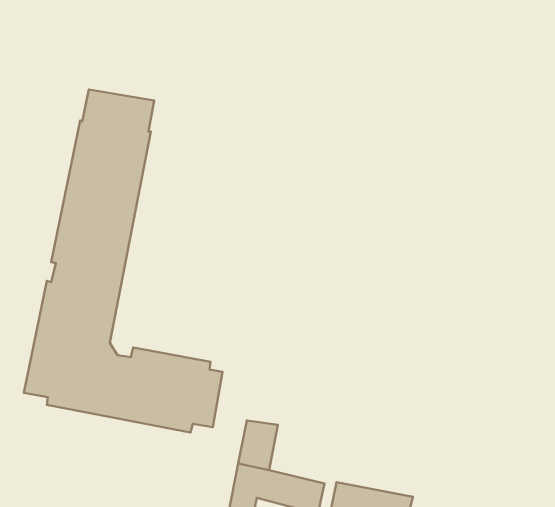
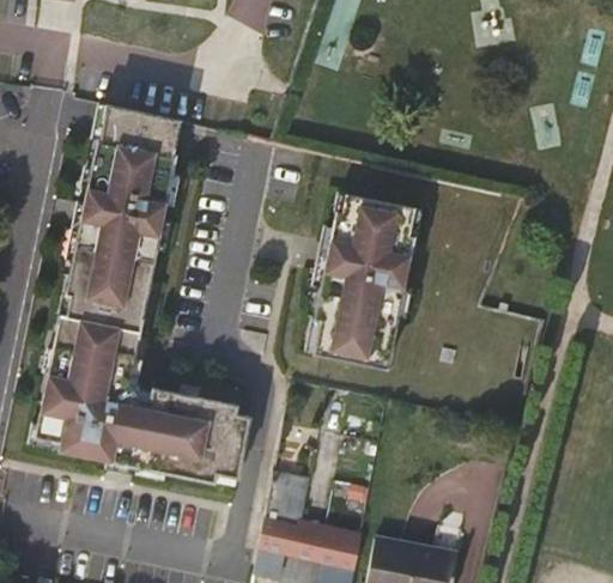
building: none -> [316,194,413,366]

